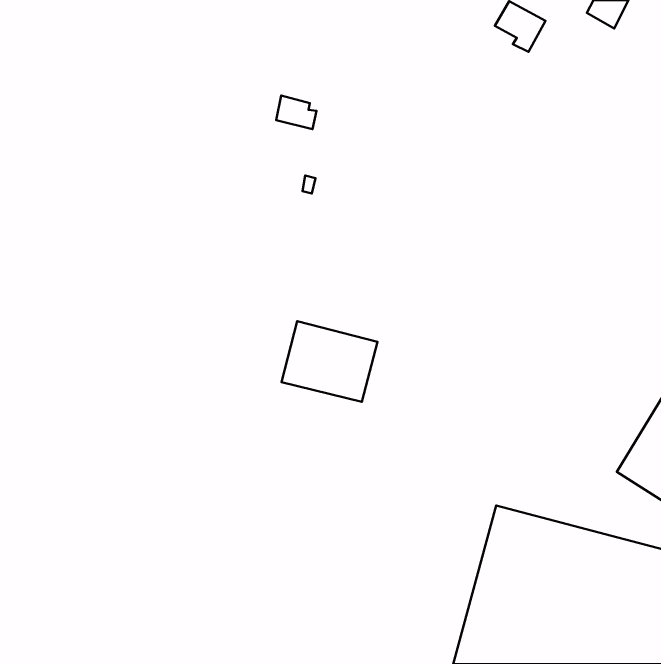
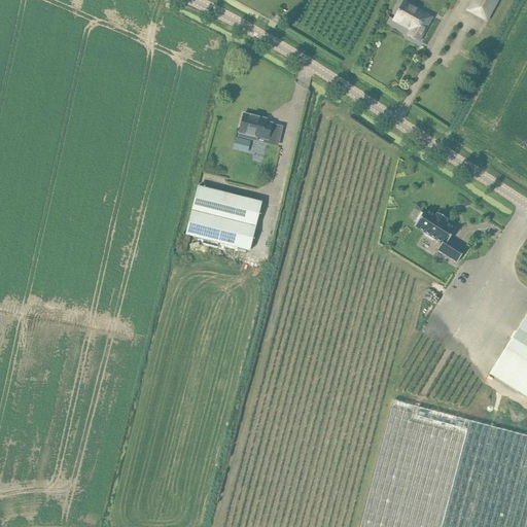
building: [276,95,316,129] -> [241,113,273,140]
building: none -> [416,210,467,262]
building: [281,321,378,402] -> [187,186,264,250]

